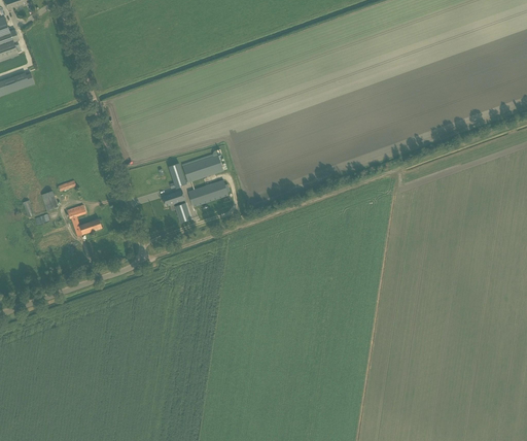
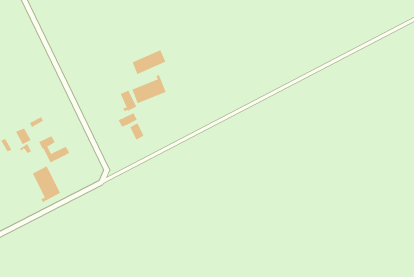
building: [187,179,227,205] -> [132,49,166,75]
building: none -> [32,166,61,203]

